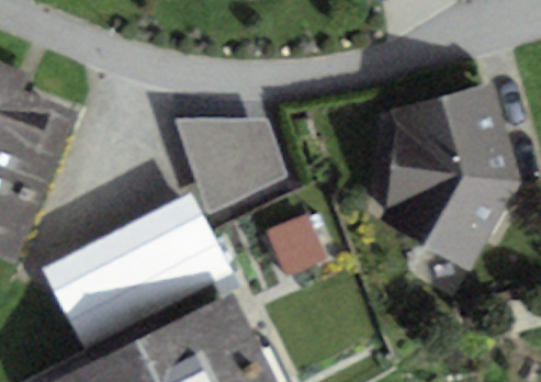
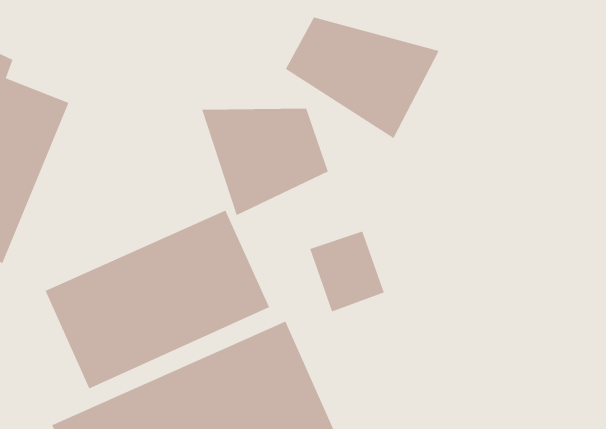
building: none -> [285,17,440,139]
building: [381,83,506,251] -> none

